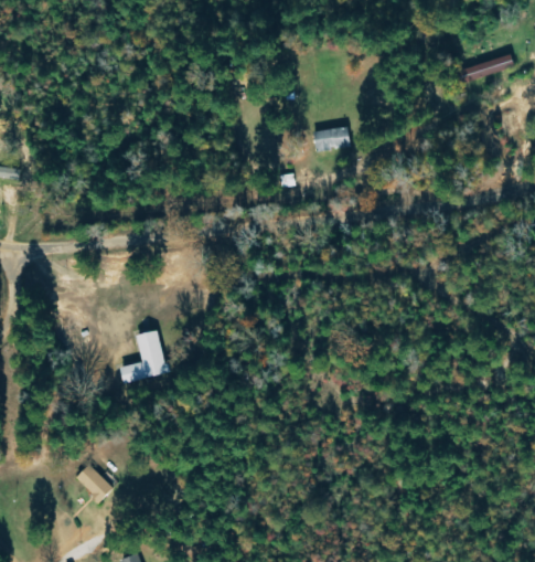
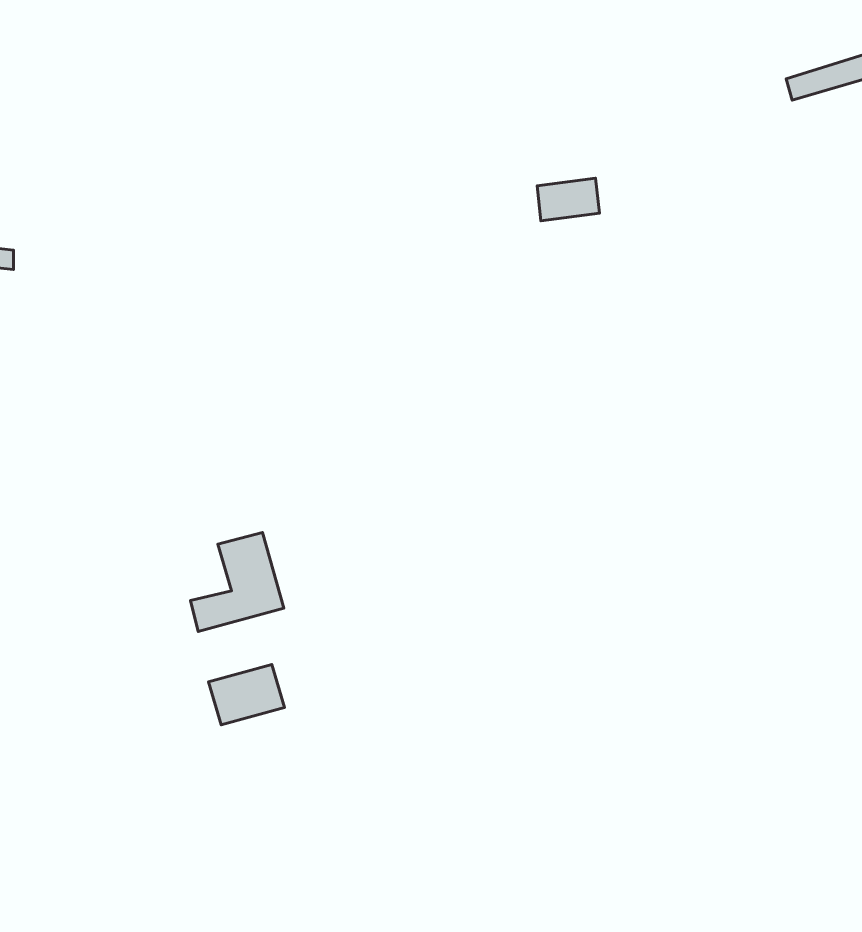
building: none -> [208,665,284,725]
building: [73,465,111,502] -> none

